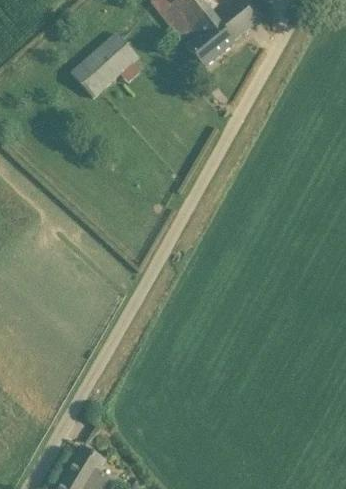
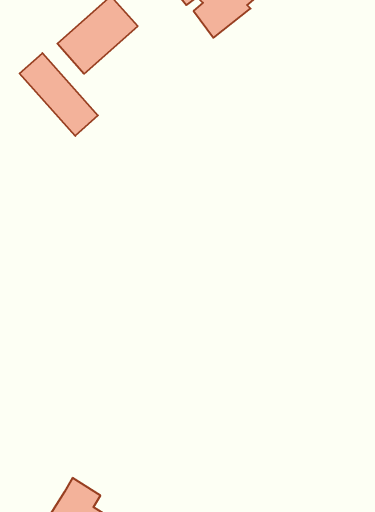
building: none -> [20,53,98,136]

